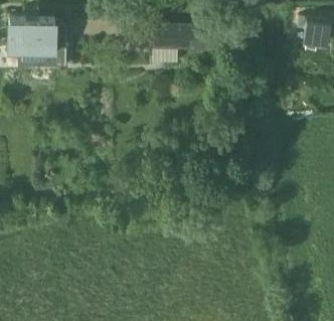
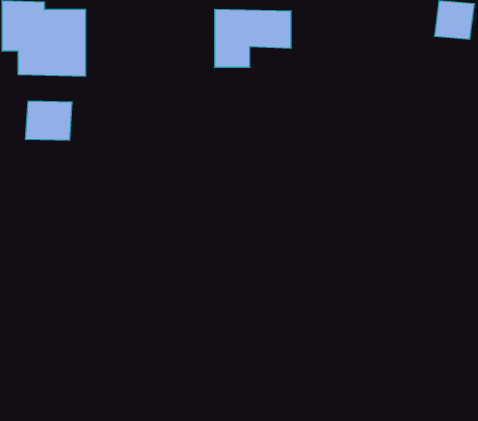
building: none -> [26,101,72,141]

